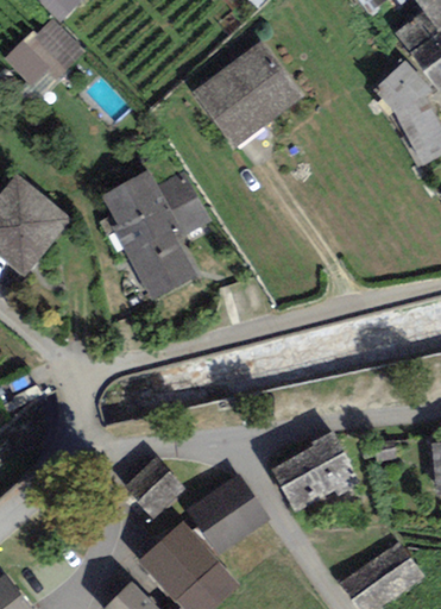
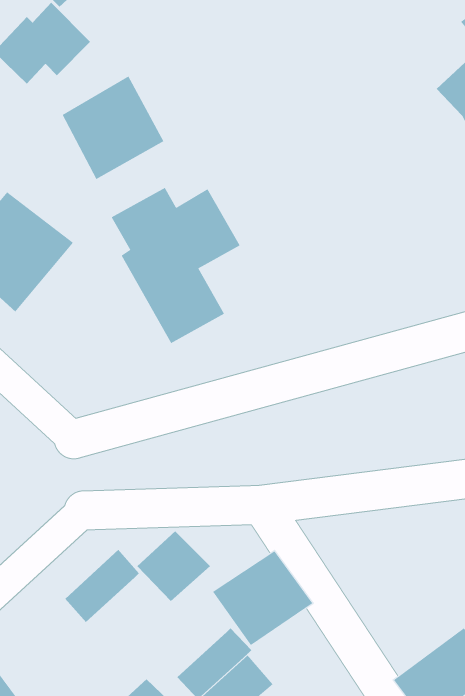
building: [194,42,302,147] -> none
building: none -> [62,75,164,180]
building: [271,431,358,511] -> none
building: [139,519,202,580] -> [64,549,140,623]

